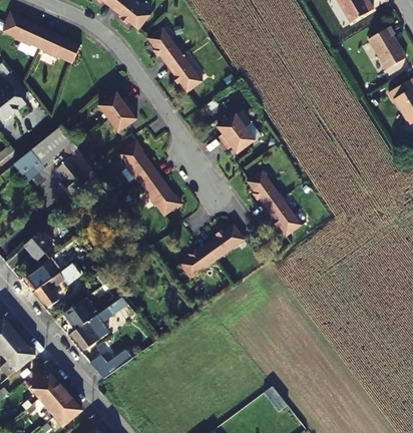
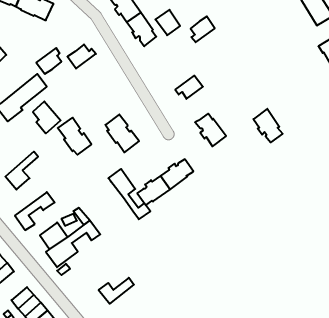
building: none -> [155,10,180,35]
building: [107,102,136,132] -> [36,48,61,74]
building: [217,113,245,143] -> [191,16,215,42]
building: [118,141,157,184] -> [58,118,91,155]
building: [266,197,300,237] -> [253,109,283,142]
building: none -> [108,169,150,219]
building: [27,252,73,290] -> none
building: [90,349,131,379] -> [99,278,134,304]

